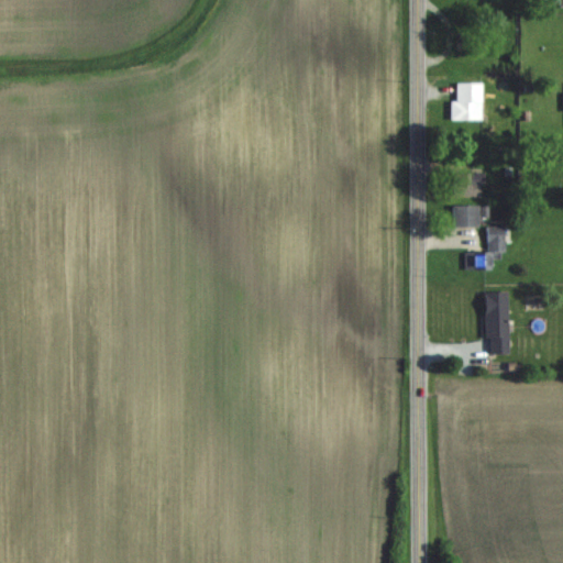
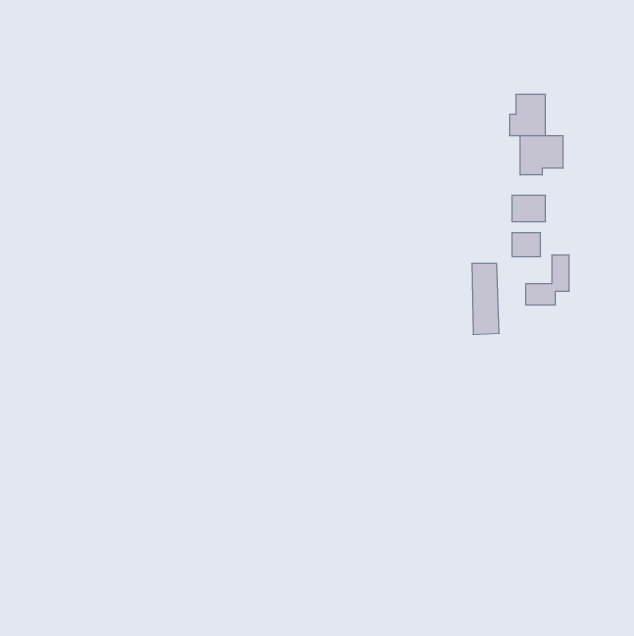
building: none -> [520,136,563,175]
building: [486,291,510,354] -> [472,264,499,334]

